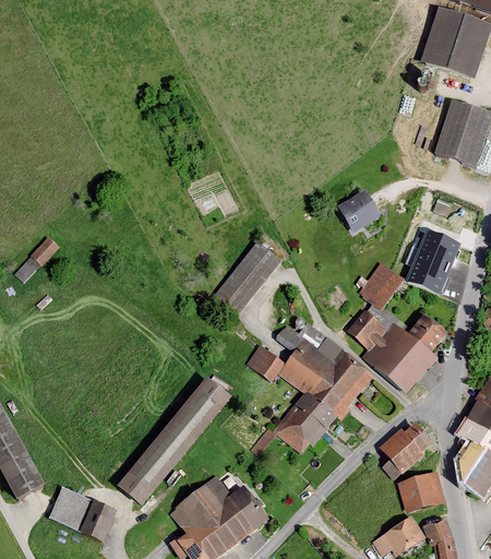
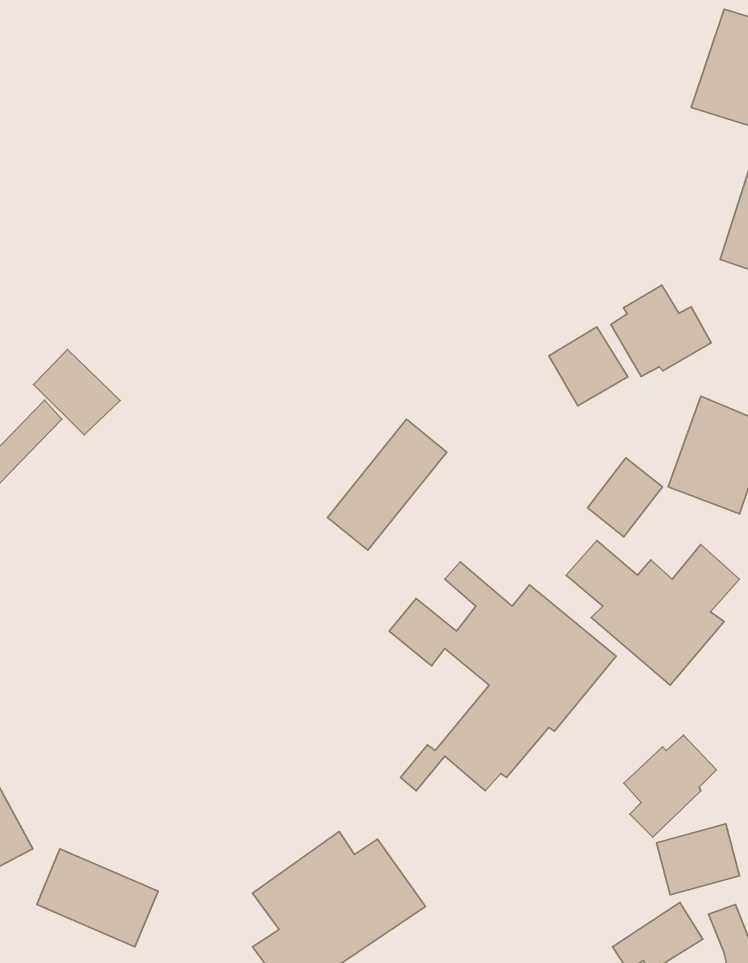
building: none -> [611,285,711,377]
building: none -> [33,349,120,435]
building: [116,378,230,506] -> none

